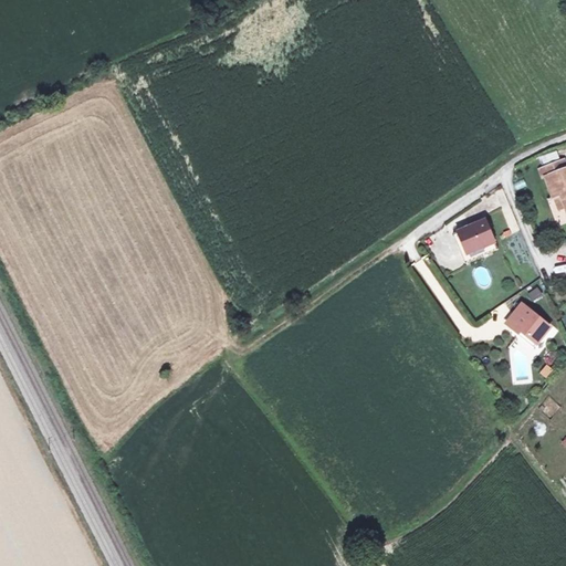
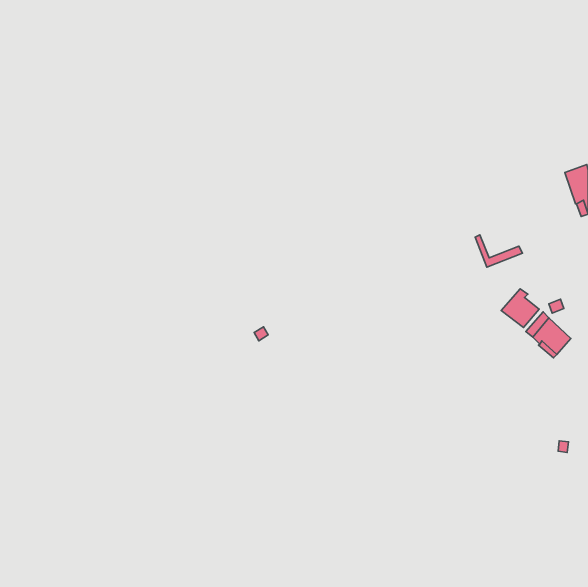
building: [461,216,499,249] -> none
building: none -> [501,289,539,327]

